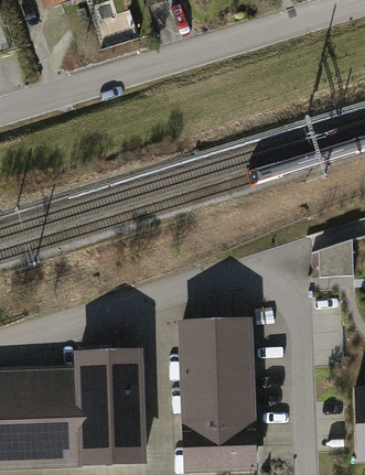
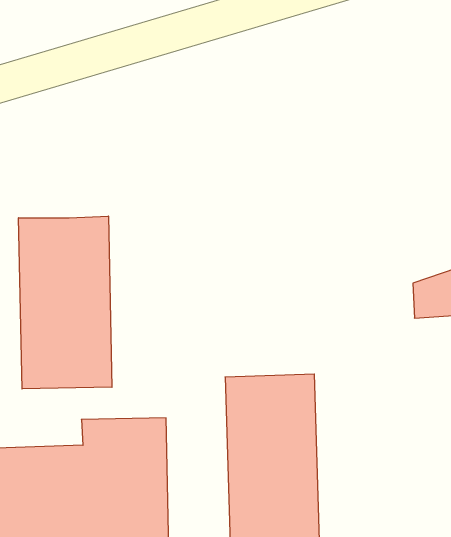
building: none -> [19,216,112,389]

